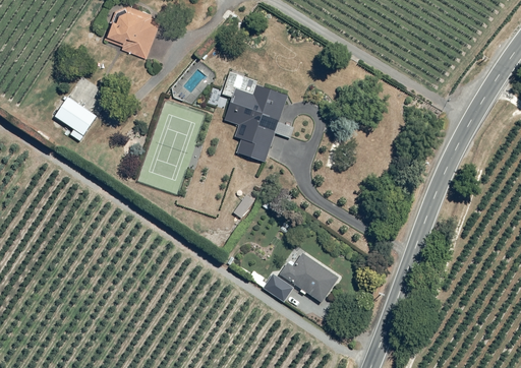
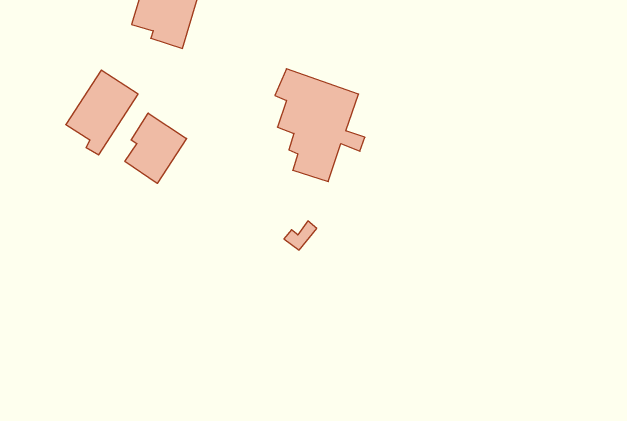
building: none -> [125,113,187,183]
building: [246,252,338,316] -> none

